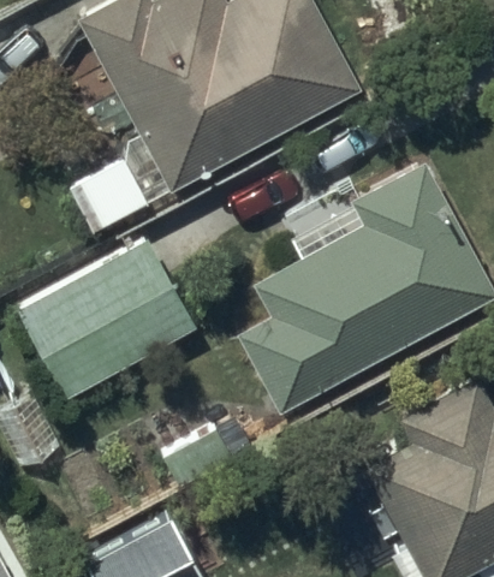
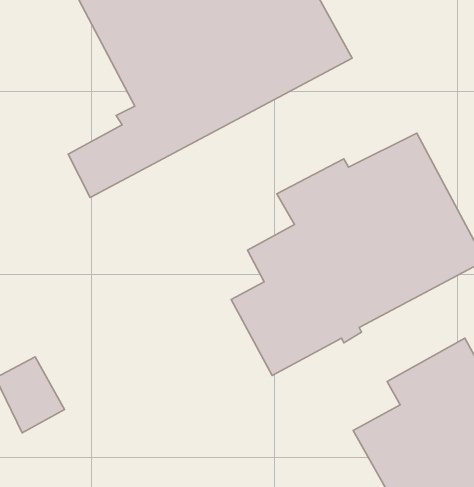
building: [16,237,197,403] -> none

